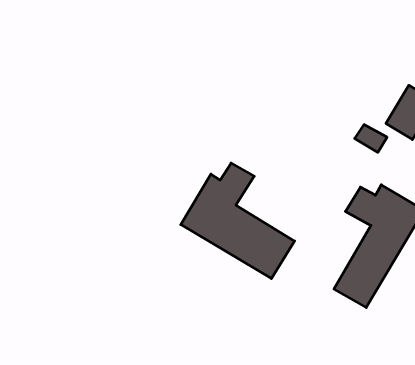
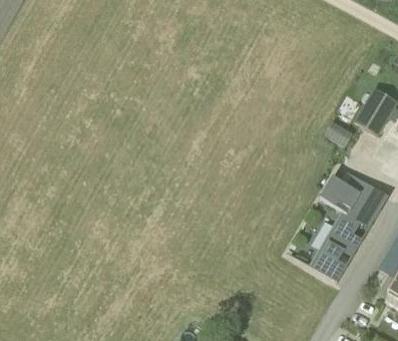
building: [181,163,295,279] -> none

